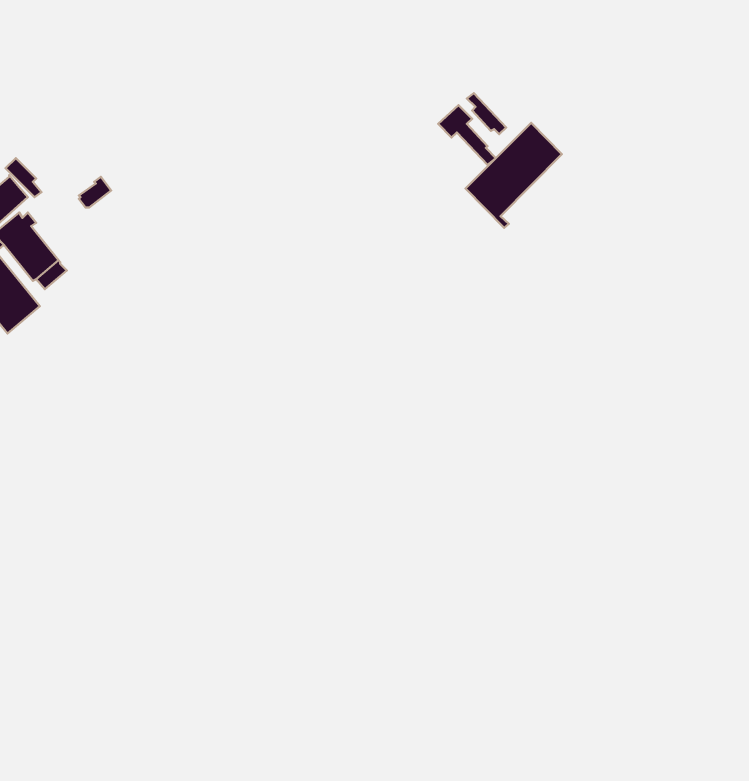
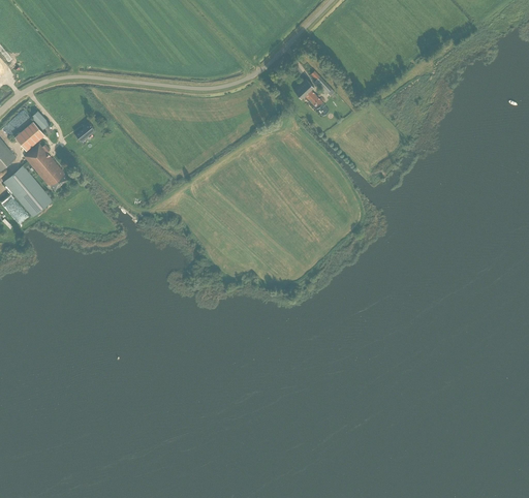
building: [465,123,562,228] -> none

